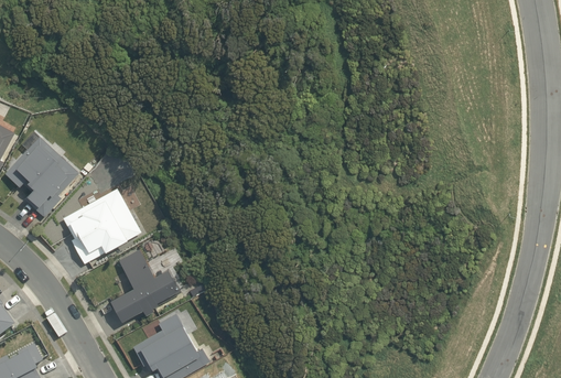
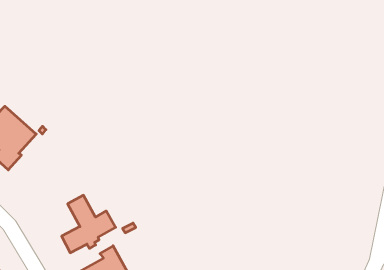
building: [61,188,140,264] -> none

